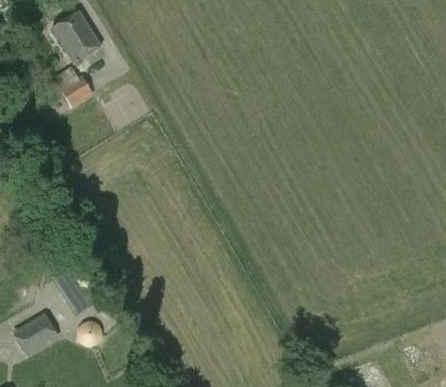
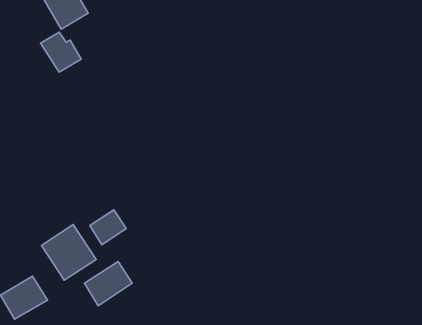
building: none -> [90,210,126,245]
building: none -> [84,261,132,306]

